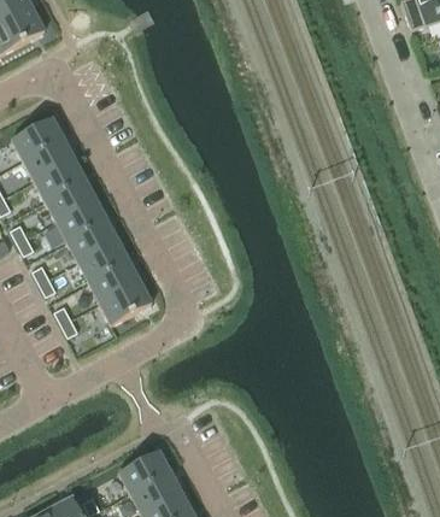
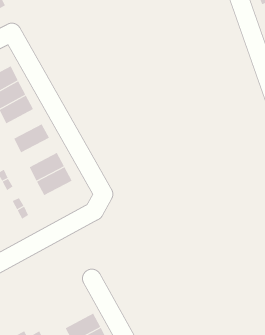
building: [45,178,96,221] -> none
building: [66,219,118,262] -> none
building: [99,281,152,324] -> none
building: [118,448,170,492] -> none

